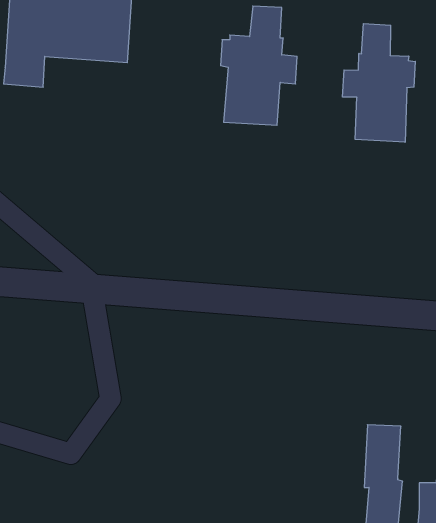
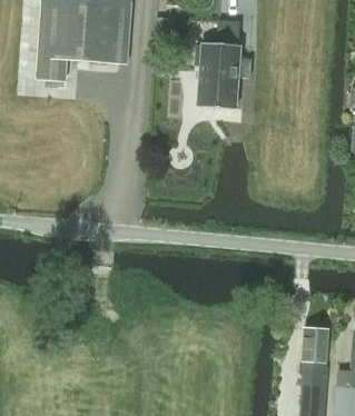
building: [343,24,415,142] -> none

